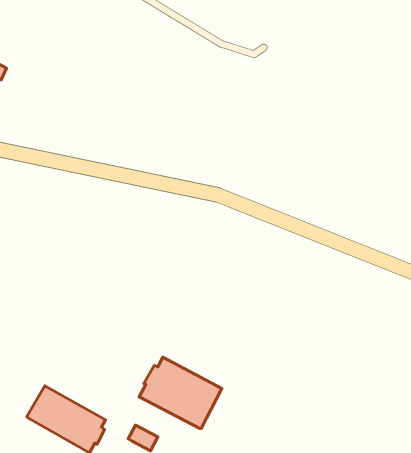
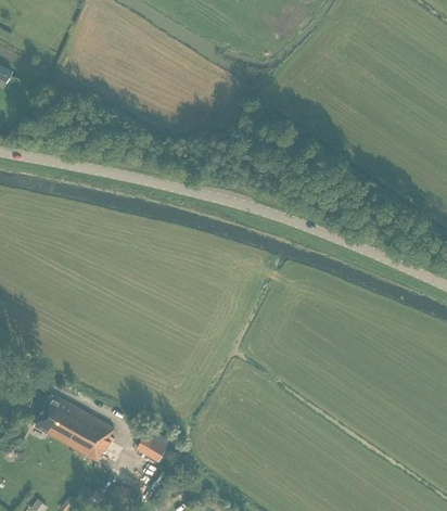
building: [139,357,222,429] -> none

